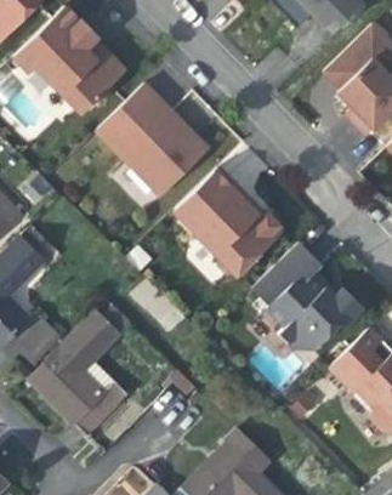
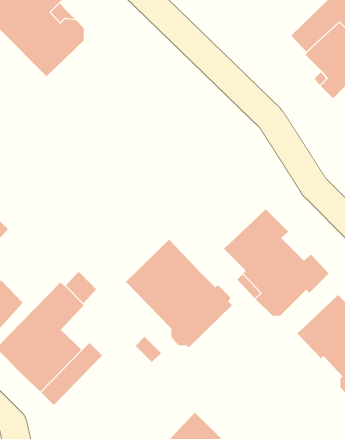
building: [95,82,208,194] -> none
building: [172,166,279,274] -> [125,239,233,348]

